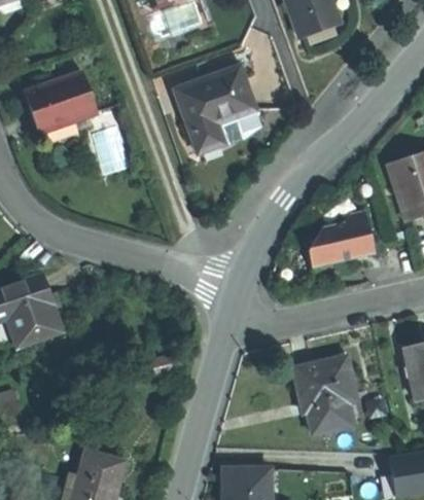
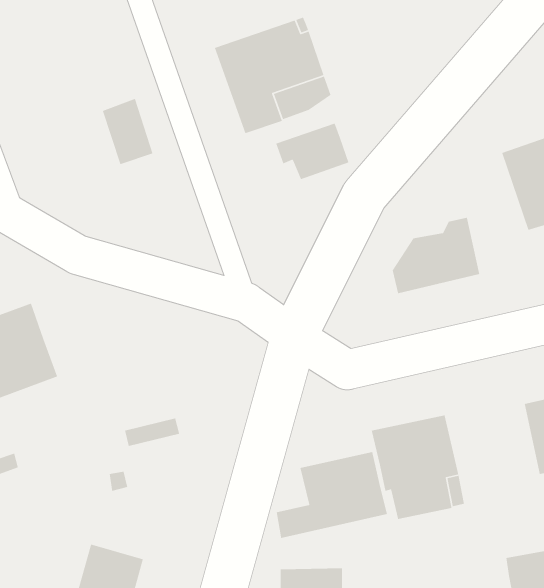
building: [25,71,98,134] -> none
building: none -> [275,122,349,180]
building: none -> [276,451,388,539]

